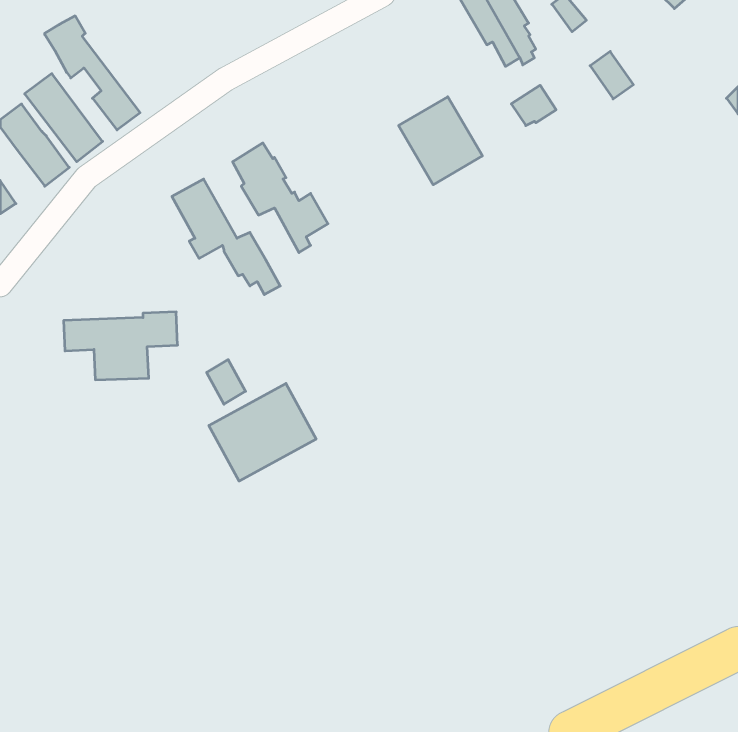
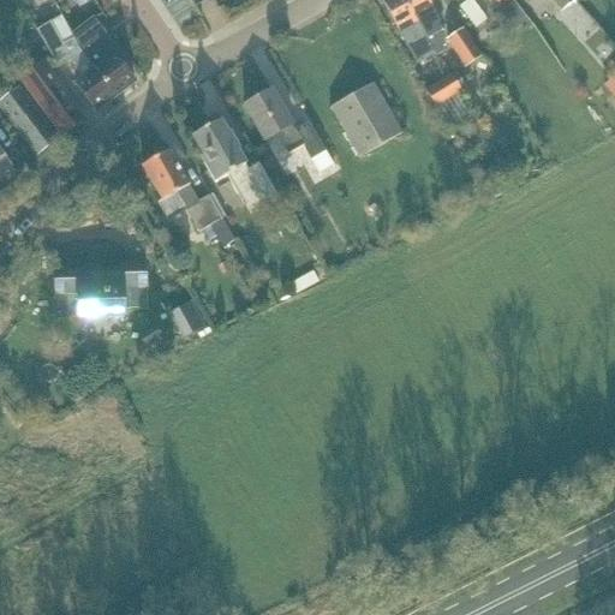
building: none -> [68,12,136,94]
building: [590,51,633,99] -> [446,25,482,65]
building: none -> [245,89,324,157]
building: [209,383,316,481] -> none

